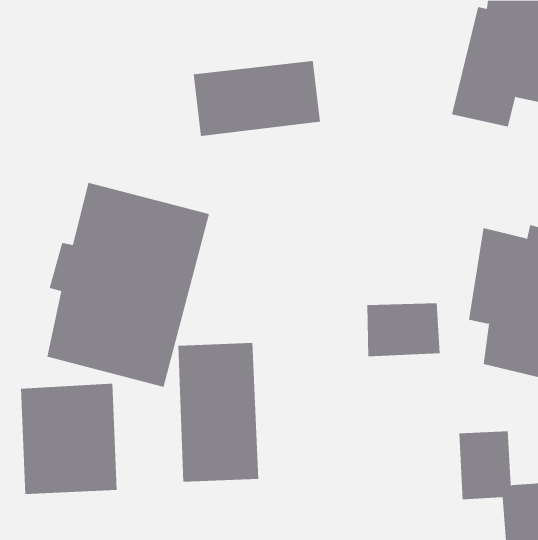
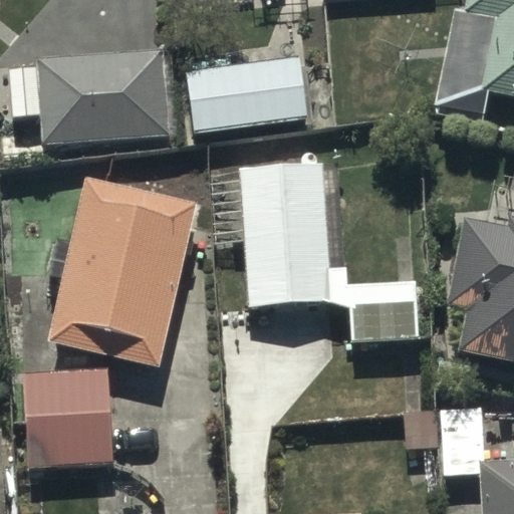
building: none -> [17,46,171,144]
building: none -> [210,160,332,307]
building: [178,342,259,482] -> none

